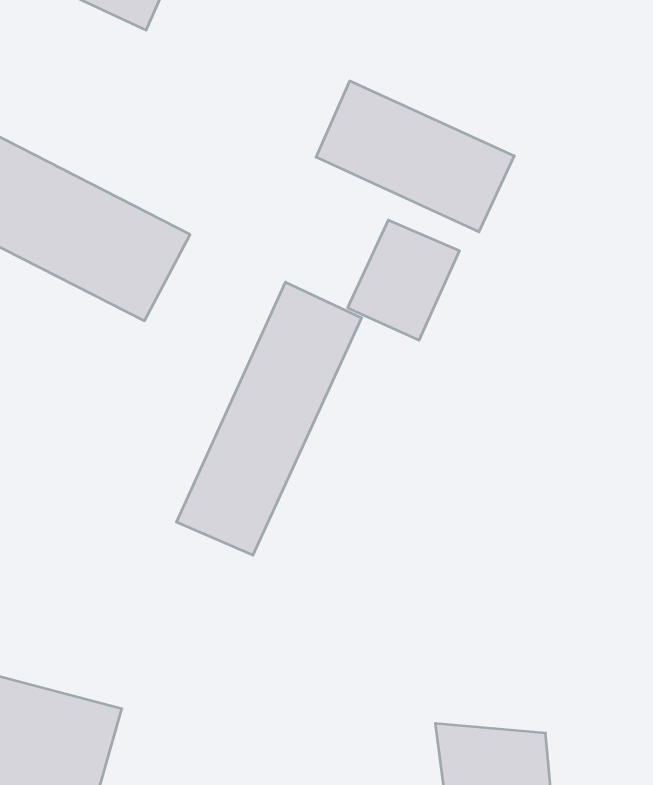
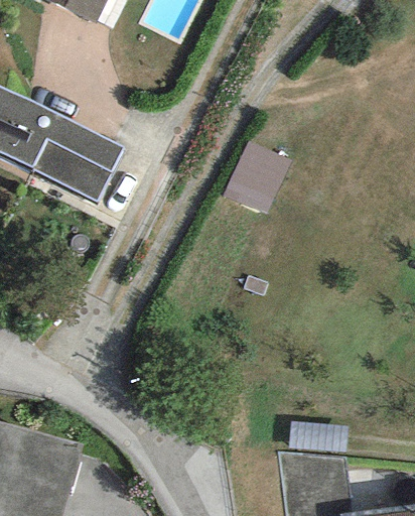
building: [316,81,514,232] -> none
building: [176,282,362,555] -> none

